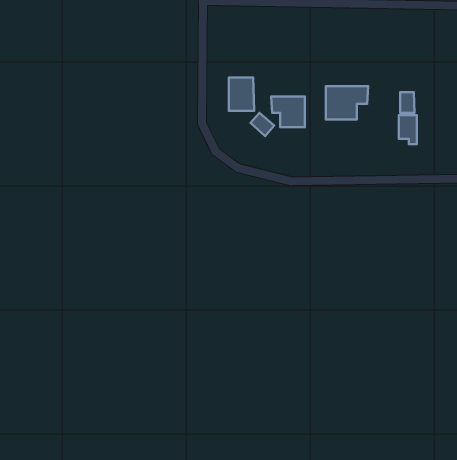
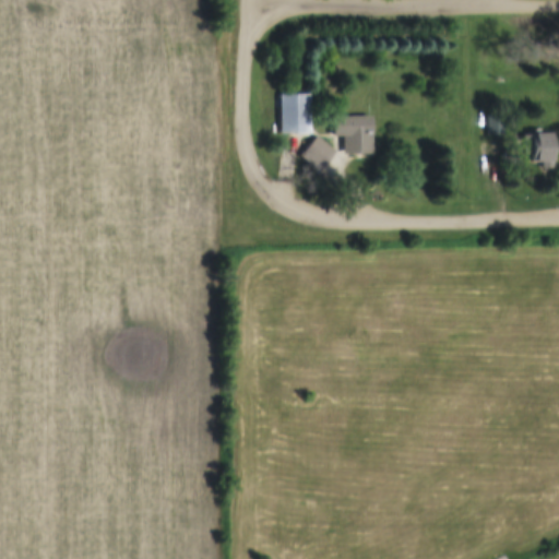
building: [326,86,368,120] -> none
building: [399,115,417,144] -> [532,134,554,169]

